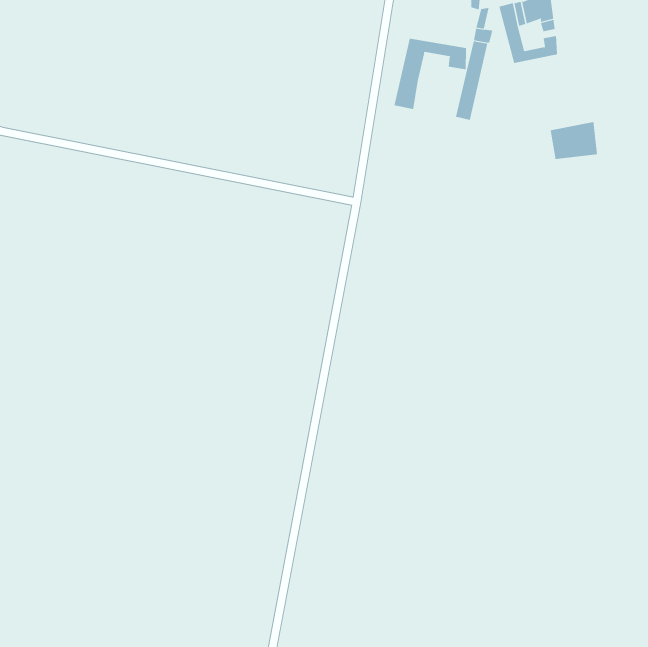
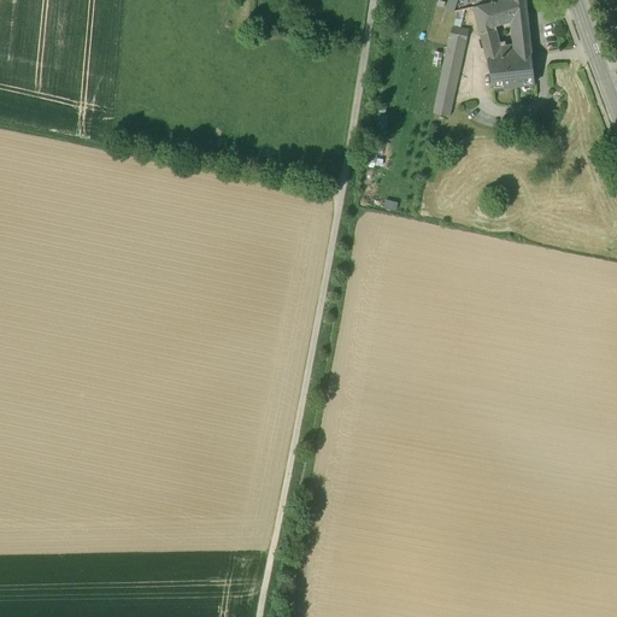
building: [394,38,466,110] -> none
building: [550,121,598,159] -> [488,52,534,88]

